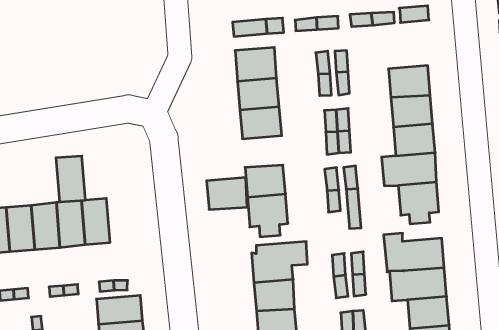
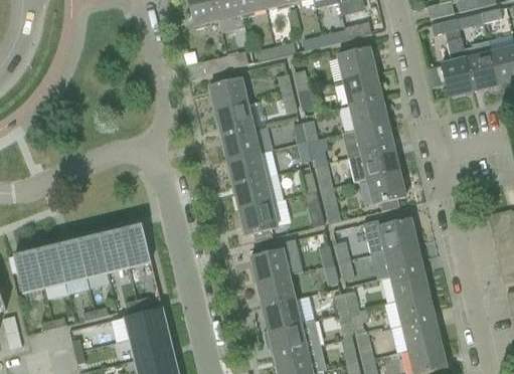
building: none -> [337,47,376,80]
building: [56,156,86,202] -> [119,224,150,266]
building: [207,178,247,209] -> [227,152,266,184]

